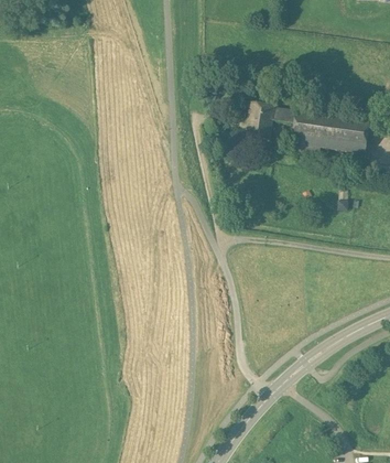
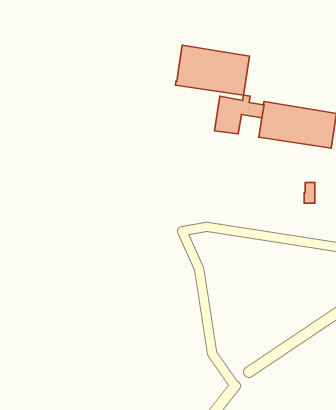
building: none -> [176,45,250,95]

